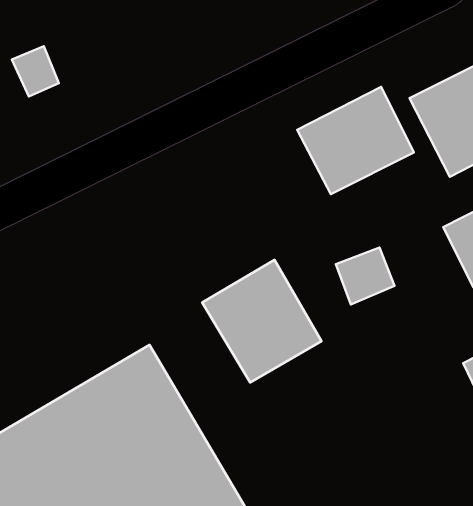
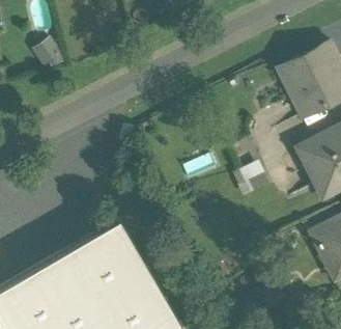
building: [297,87,414,194] -> none
building: [202,260,322,382] -> none

